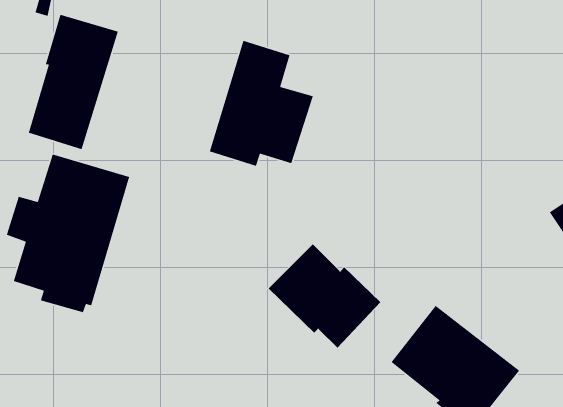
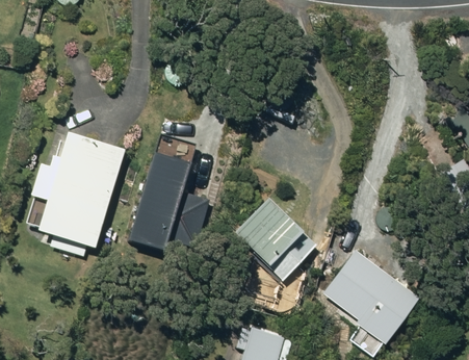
building: [28,14,119,150] -> none
building: [209,40,314,167] -> [137,152,217,249]

